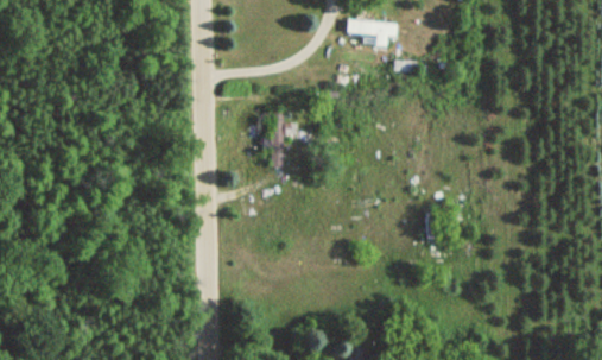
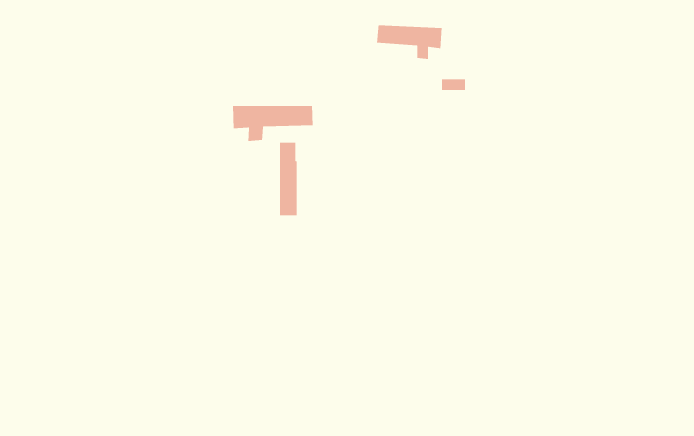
building: none -> [232,105,314,142]

